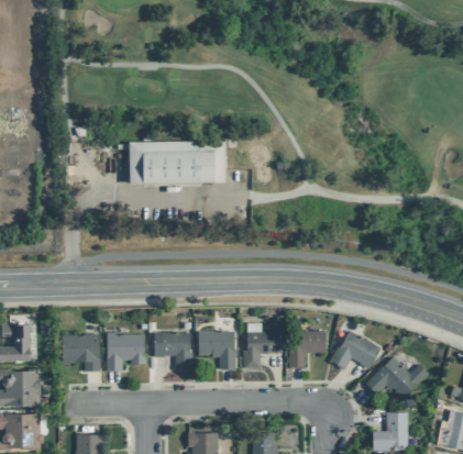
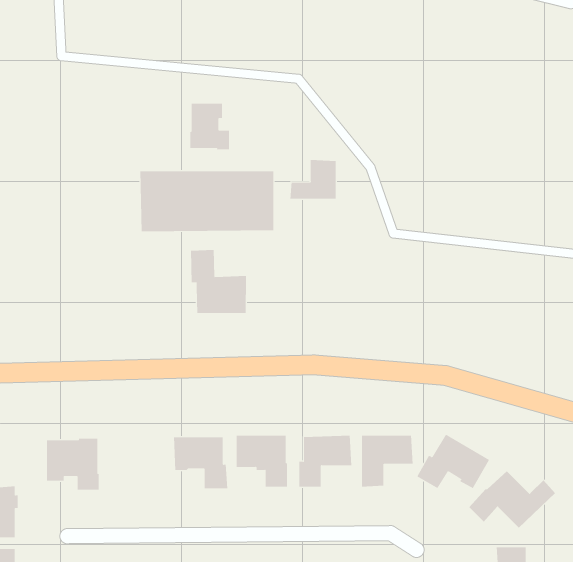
building: none -> [190,103,229,150]
building: none -> [290,159,336,200]
building: none -> [190,249,247,314]
building: [106,333,144,372] -> none

